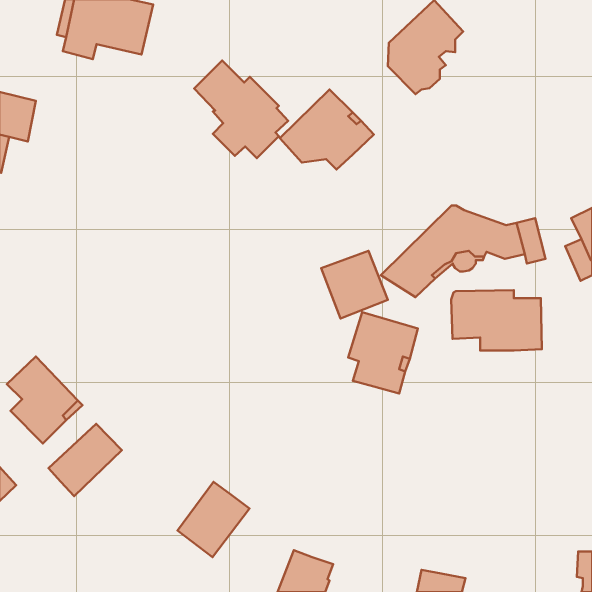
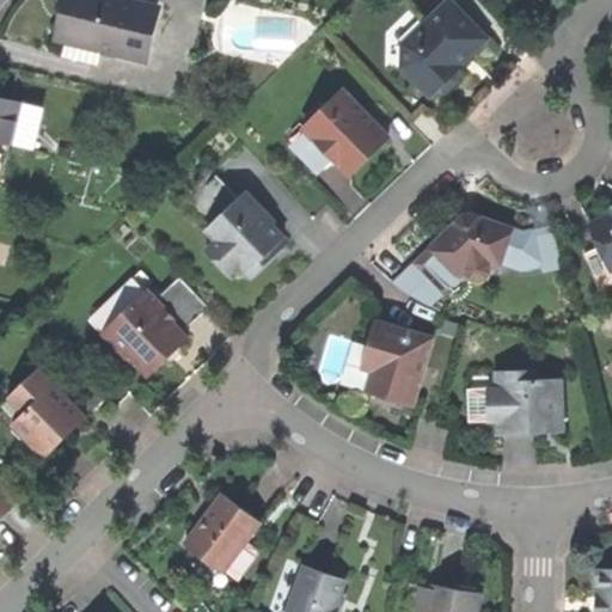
building: [194,61,288,158] -> [186,173,283,274]
building: [321,251,388,318] -> none
building: none -> [92,273,209,372]
building: [451,290,542,350] -> [466,372,559,434]
building: [48,424,122,496] -> none

